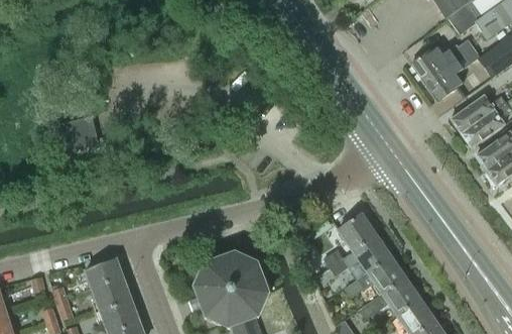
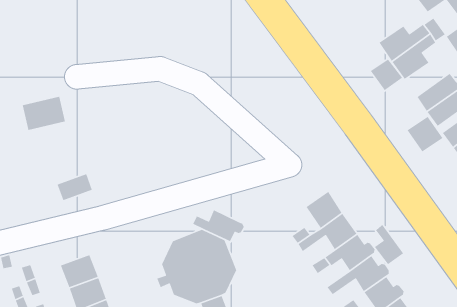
building: none -> [370,58,403,91]
building: none -> [407,116,443,152]
building: none -> [192,209,245,242]
building: none -> [374,224,404,265]
building: [86,259,122,288] -> [57,173,93,201]

